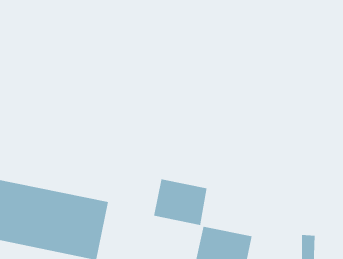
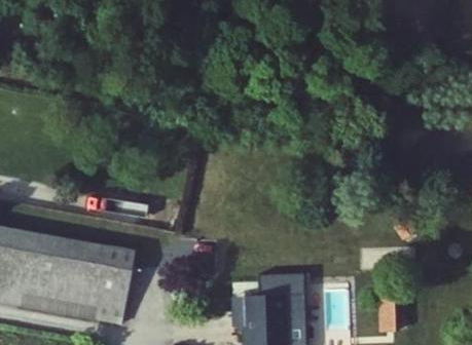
building: [153,178,207,226] -> none

